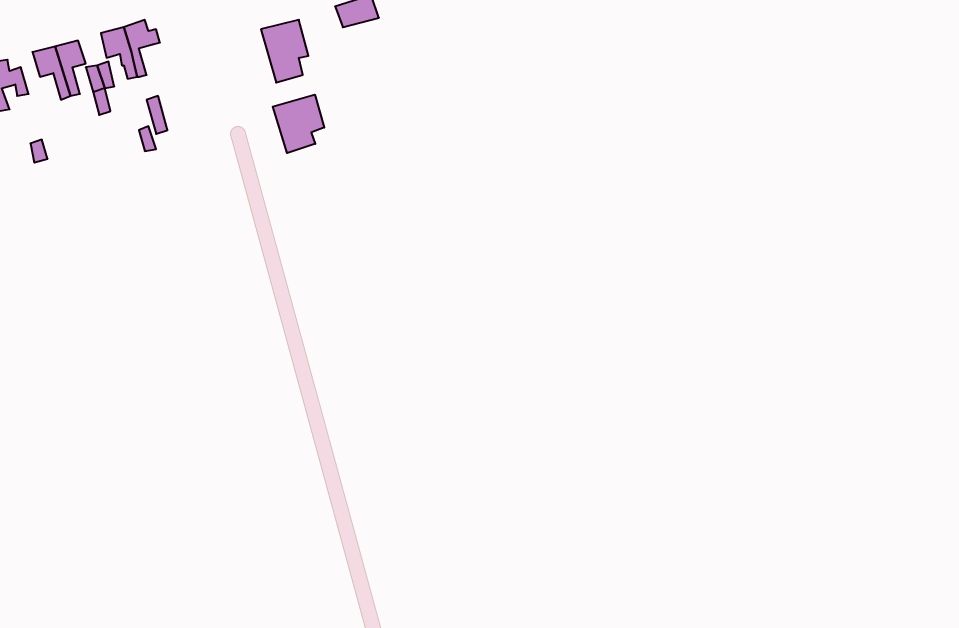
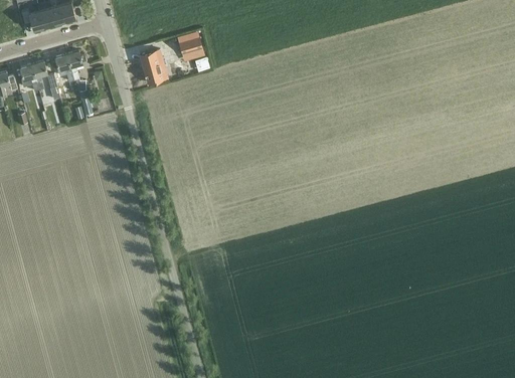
building: [273,95,324,153] -> none

